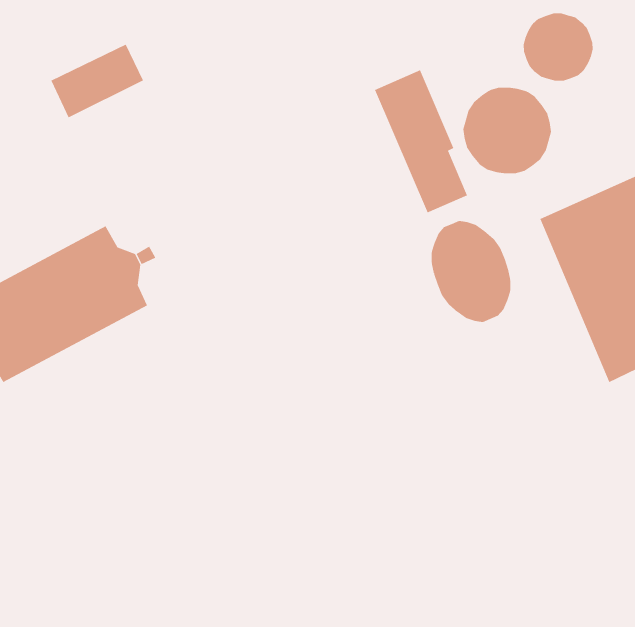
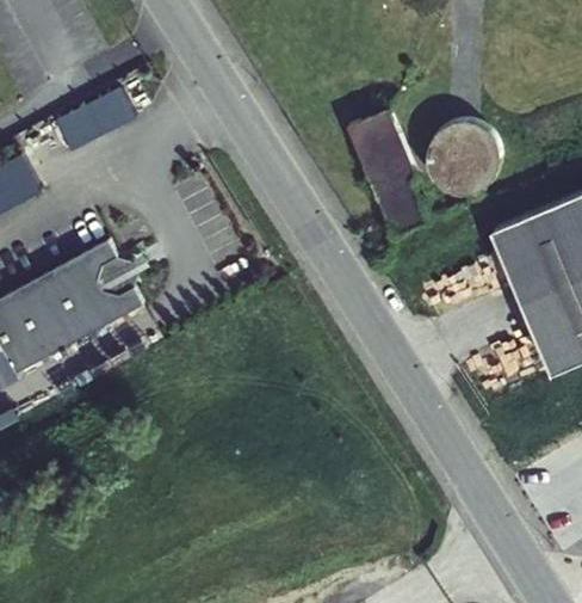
building: [523,13,593,82] -> none
building: [431,220,511,323] -> none

